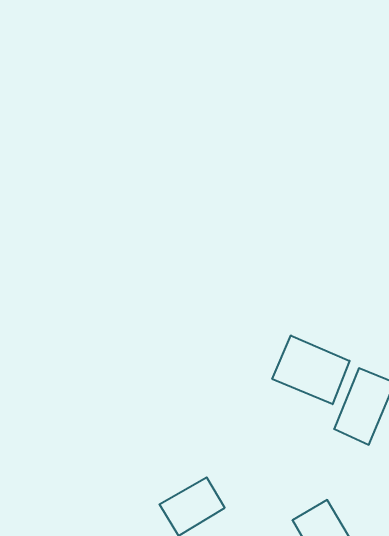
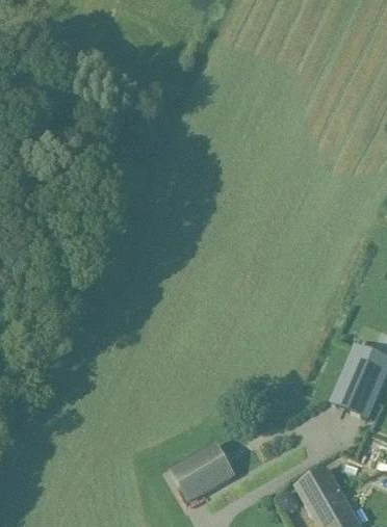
building: [272,335,350,404] -> none

